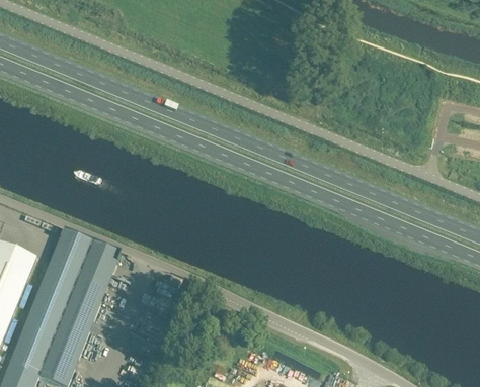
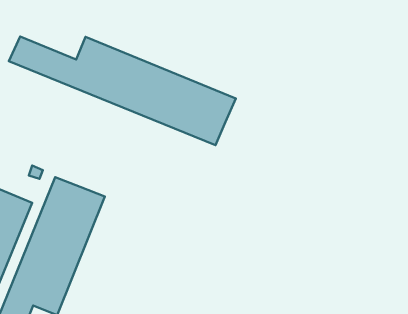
building: none -> [9,36,236,145]

